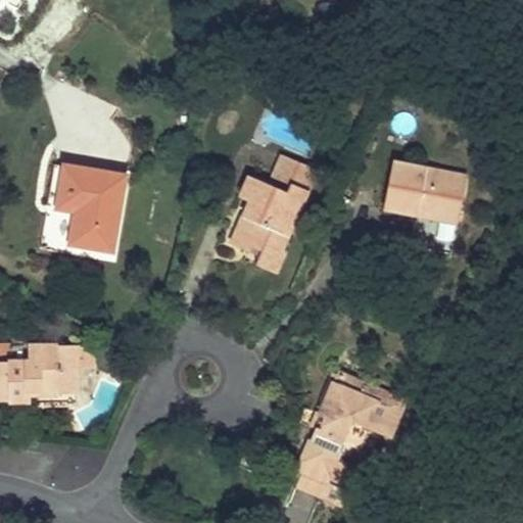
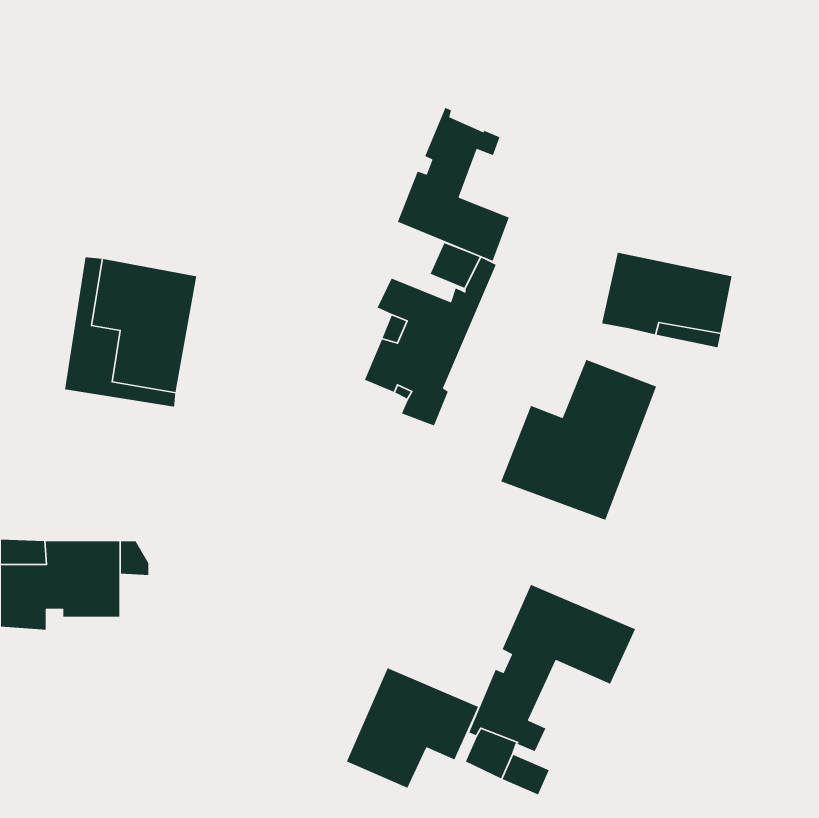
building: none -> [397,107,510,262]
building: none -> [500,359,657,521]
building: none -> [346,667,479,789]

